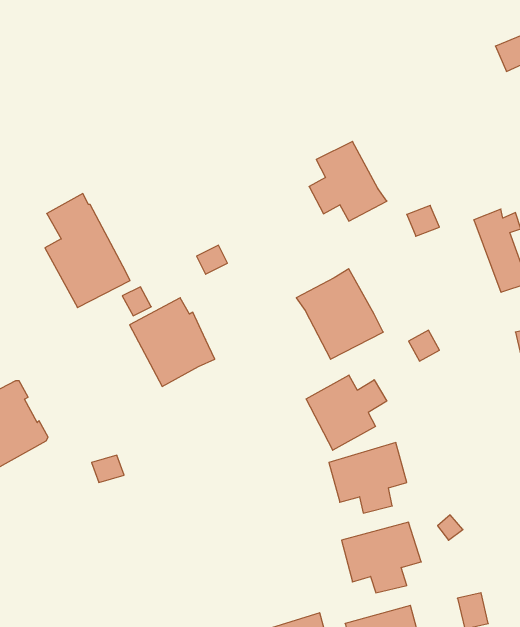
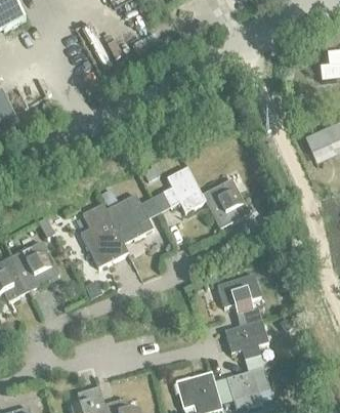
building: [309,141,387,221] -> [161,166,205,211]
building: [45,194,130,308] -> [80,202,128,266]
building: [306,375,387,450] -> none

